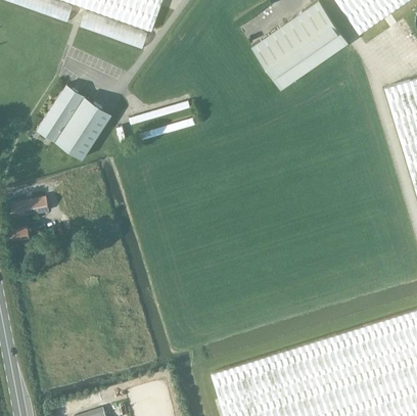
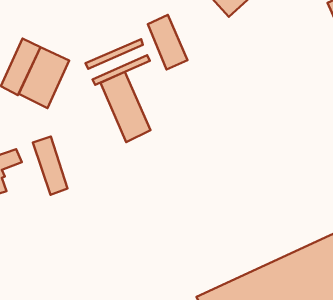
building: none -> [148,15,188,69]
building: none -> [100,72,151,142]
building: none -> [33,136,68,195]

